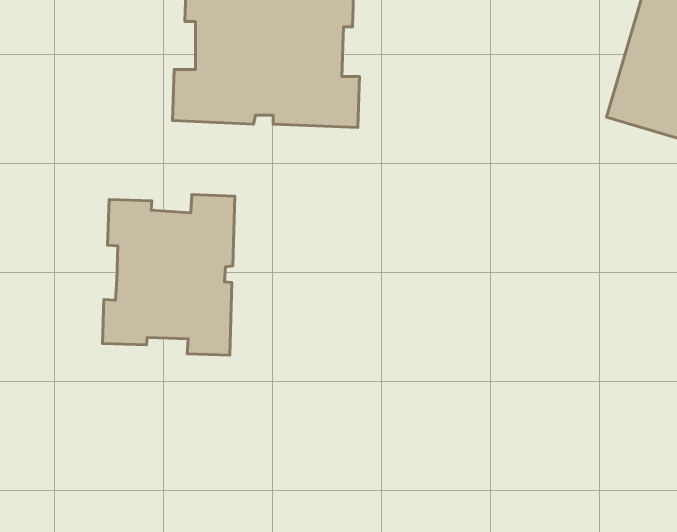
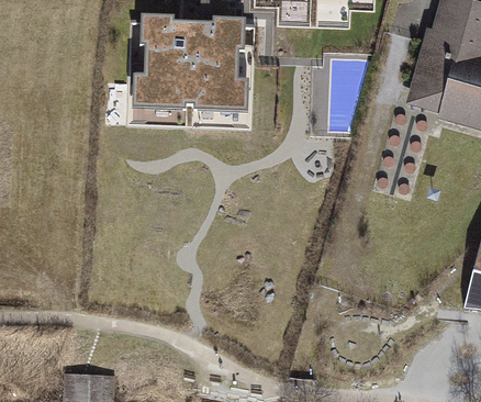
building: [102,195,235,355] -> none

